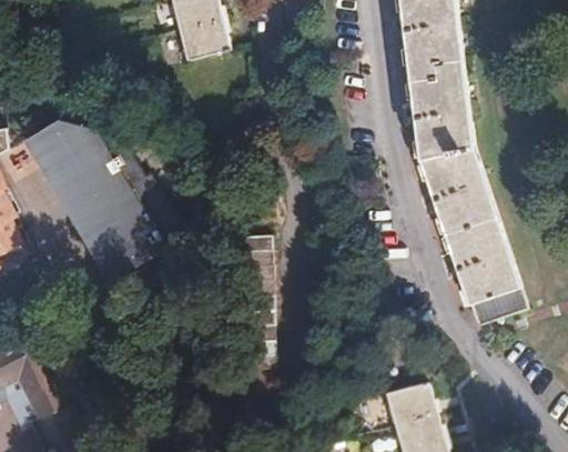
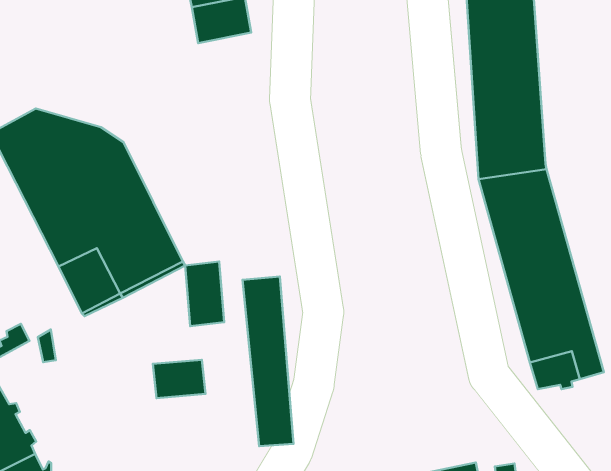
building: none -> [185,262,224,326]
building: none -> [153,360,206,398]

